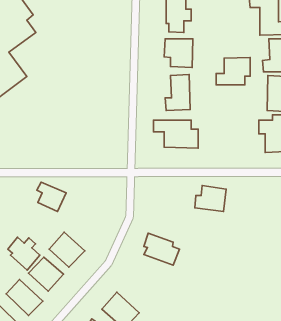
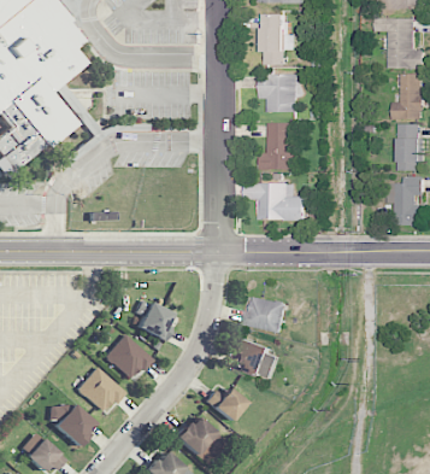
building: [216,57,250,85] -> none
building: [37,182,66,212] -> [135,300,175,340]
building: [195,186,226,211] -> [243,297,285,332]
building: [8,237,40,270] -> none
building: none -> [204,388,245,422]

